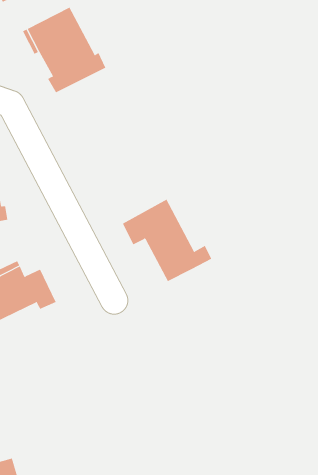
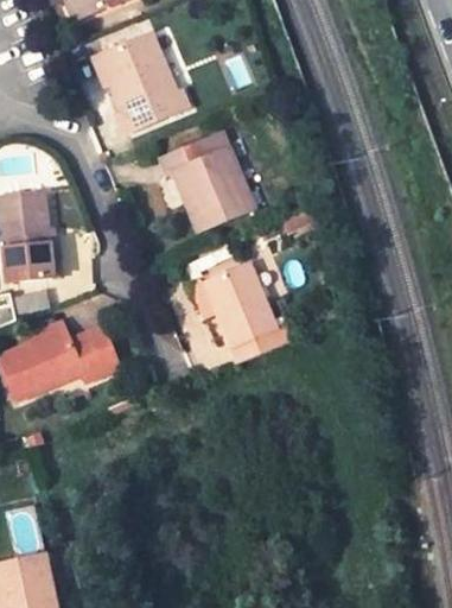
building: none -> [161,135,253,228]

